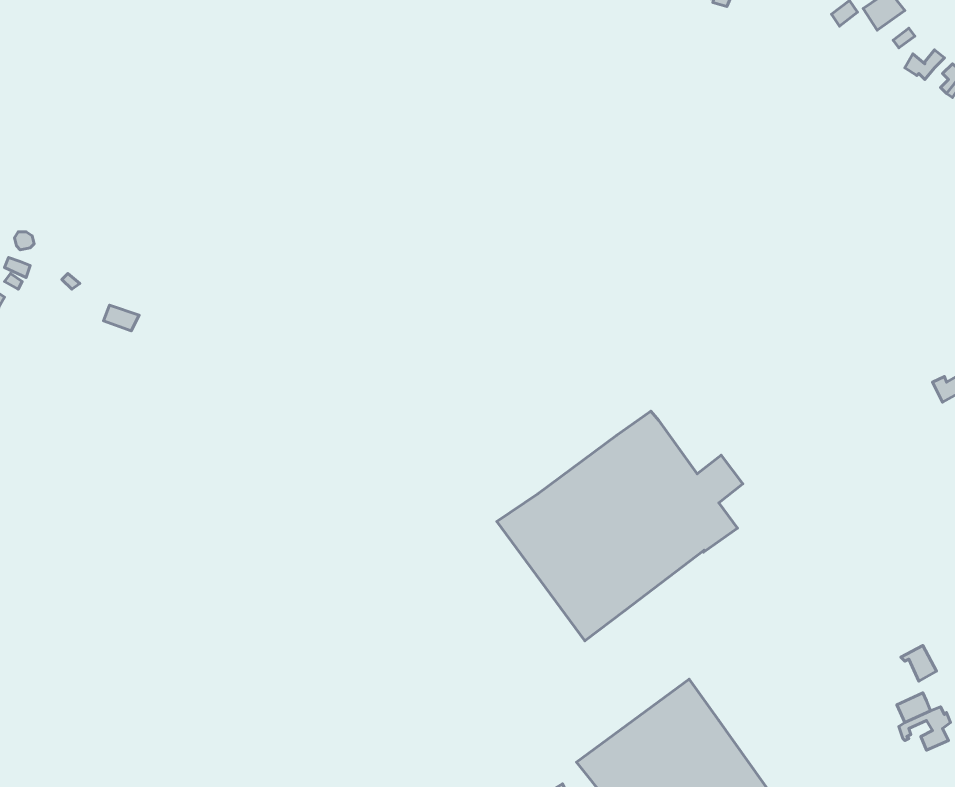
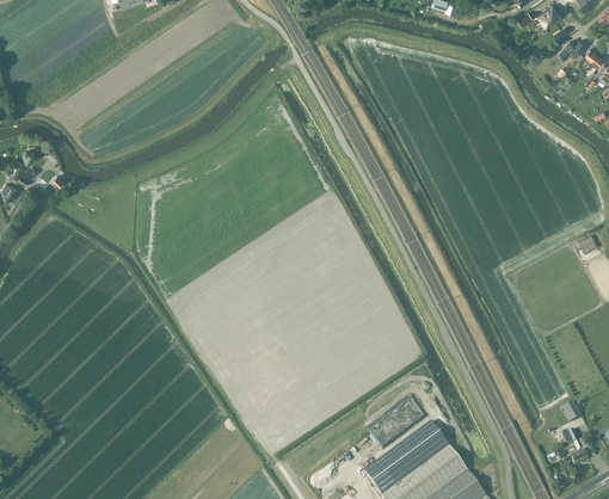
building: [497,411,743,641] -> none

